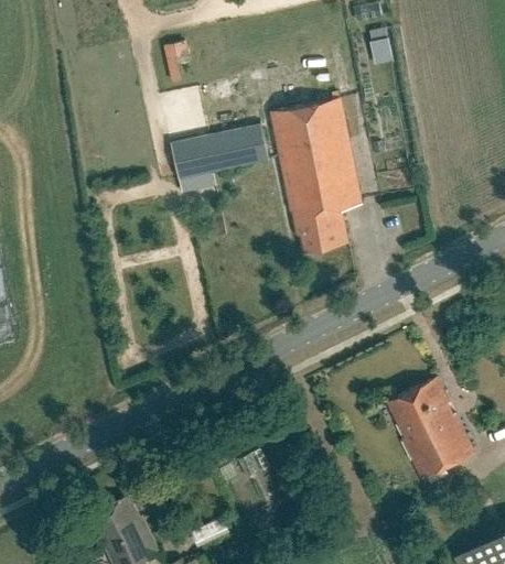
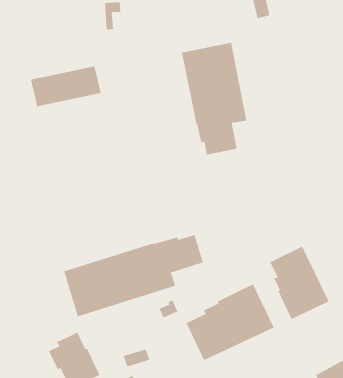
building: [173,126,271,182] -> [30,66,102,107]
building: none -> [64,234,203,317]
building: none -> [186,284,274,361]

